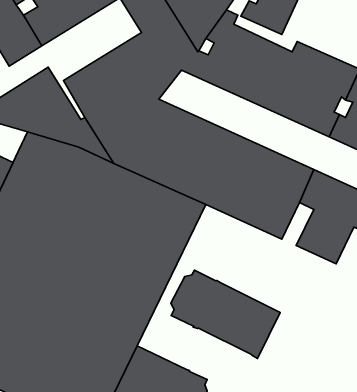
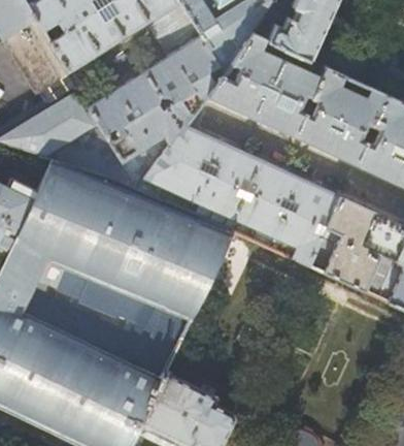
building: [171,270,280,358] -> none

